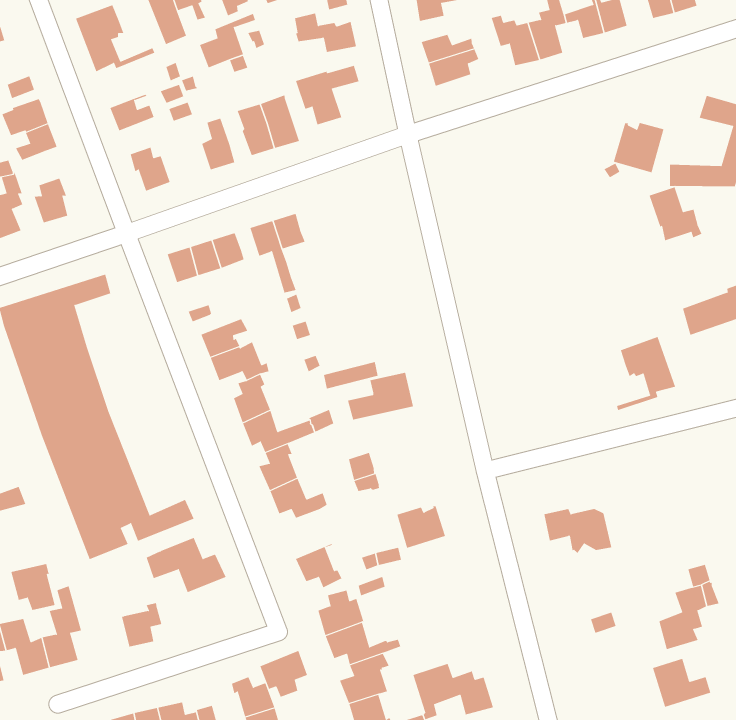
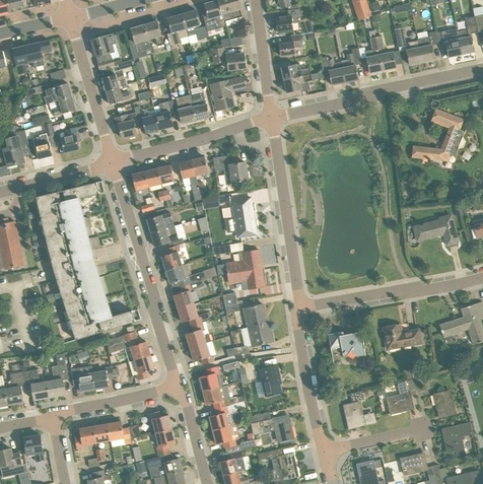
building: [199,13,256,68] -> [101,62,134,90]
building: [613,122,664,173] -> none
building: none -> [134,106,158,132]
building: [649,186,702,241] -> none
building: none -> [212,154,248,183]
building: none -> [217,193,256,236]
building: [616,336,676,411] -> none
building: none -> [226,268,264,289]
building: none -> [243,303,267,327]
building: none -> [383,324,422,349]
building: none -> [185,321,210,347]
building: [11,563,55,611] -> [70,365,93,391]
building: none -> [259,364,280,395]
building: [259,650,308,698] -> [128,354,154,379]
building: [652,658,711,707] -> [343,401,374,427]

